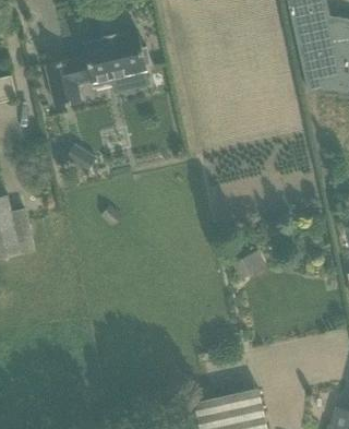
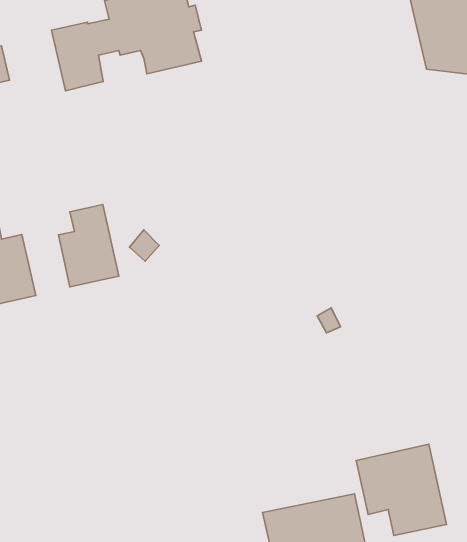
building: none -> [59,204,119,287]
building: none -> [356,444,447,536]

